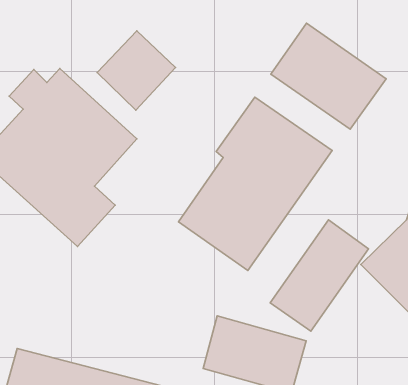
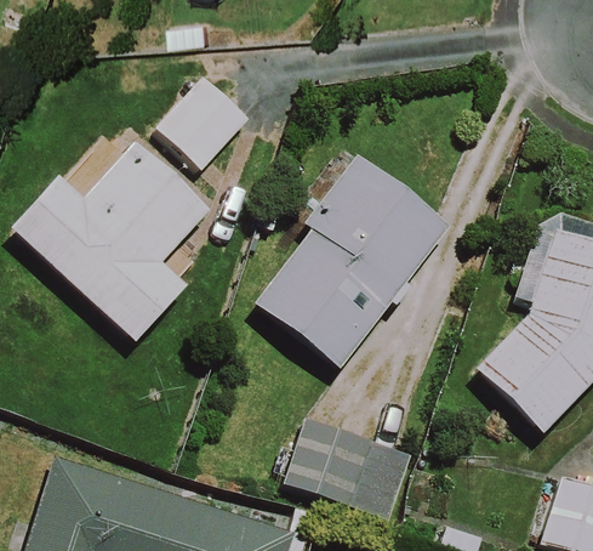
building: [271,23,386,129] -> none
building: [270,220,368,331] -> none

